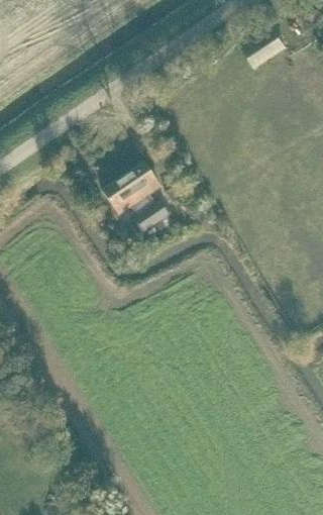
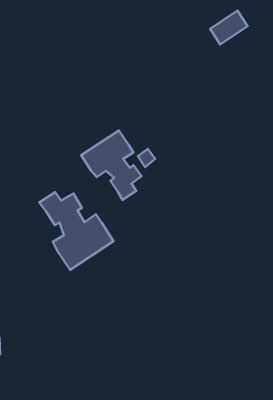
building: none -> [39,192,113,270]

